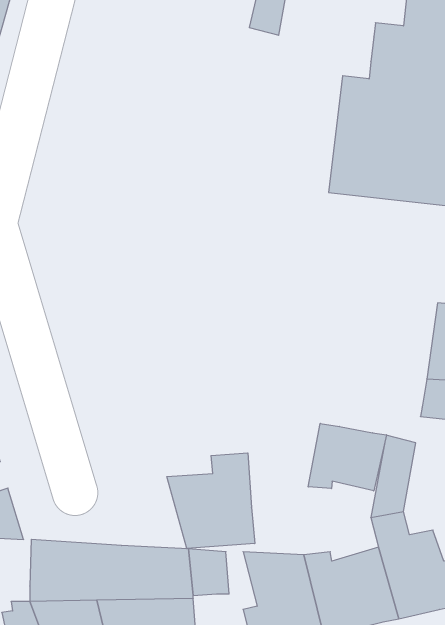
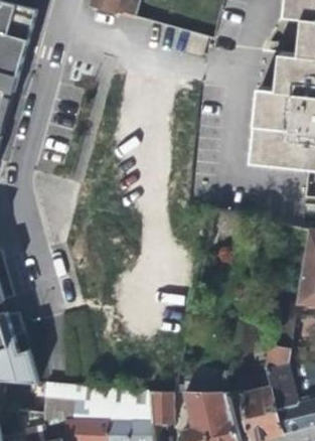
building: [308,423,386,491] -> none
building: [167,453,255,549] -> none

